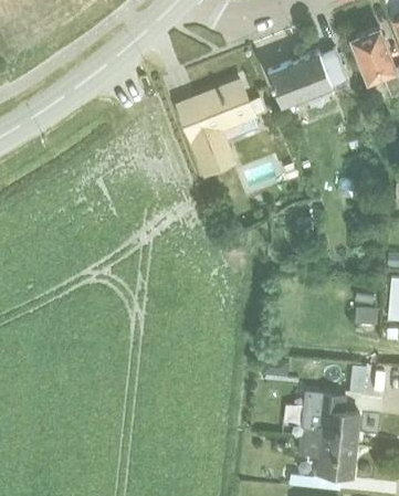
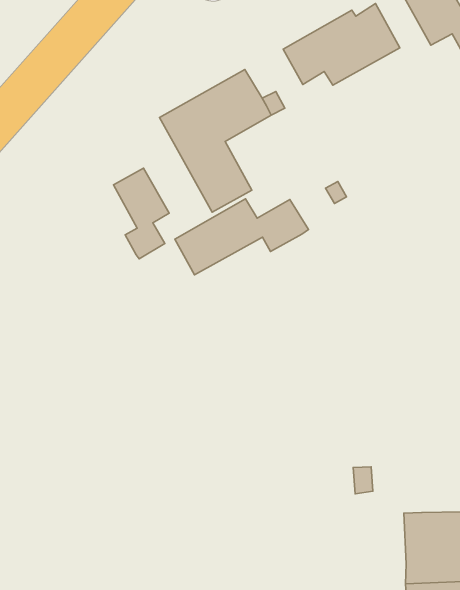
building: none -> [113,168,169,259]
building: none -> [175,199,308,275]

